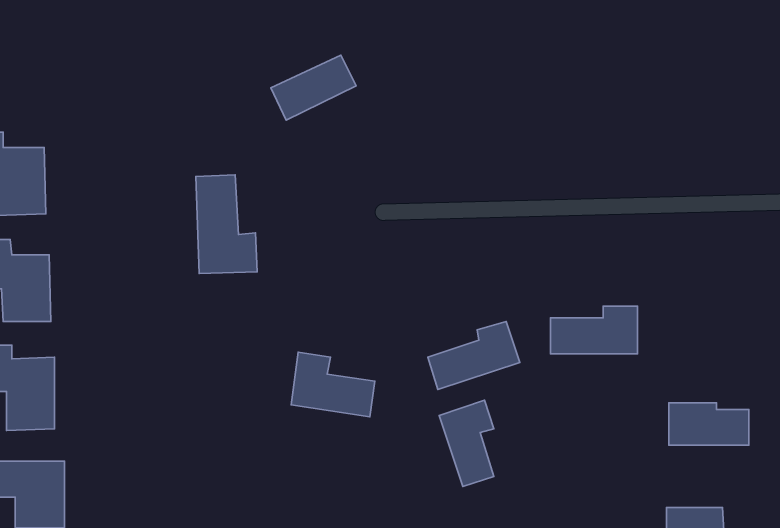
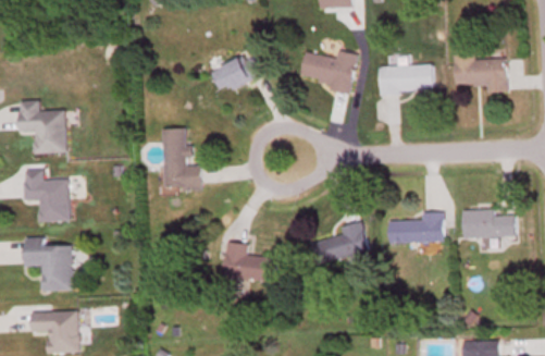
building: none -> [453,40,507,91]
building: none -> [298,51,356,89]
building: none -> [379,63,433,93]
building: [439,400,494,486] -> none
building: [669,403,749,445] -> [463,209,515,236]

